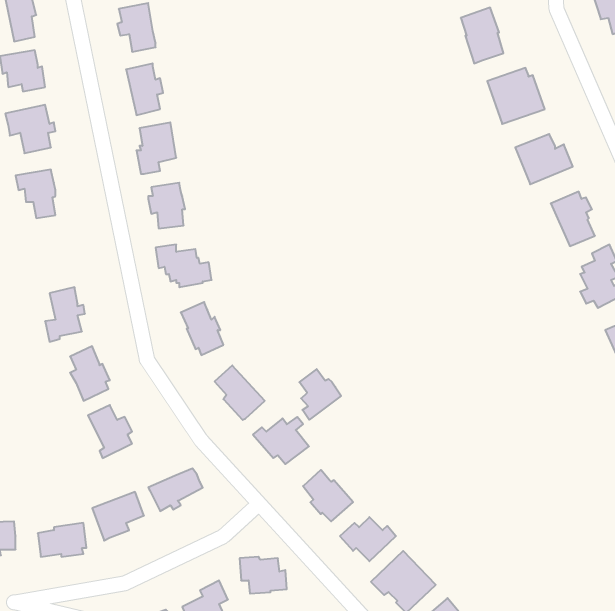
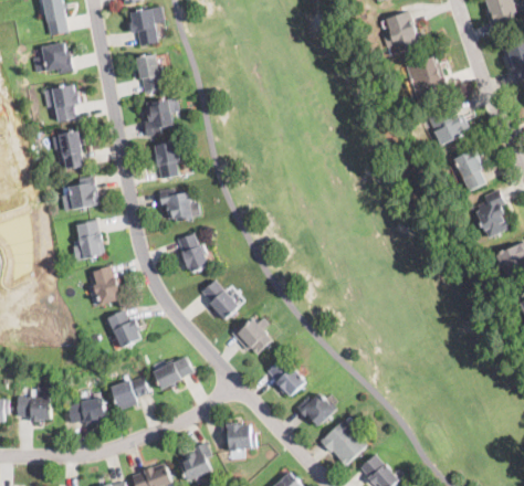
building: none -> [62,176,98,212]
building: [299,369,341,420] -> none

